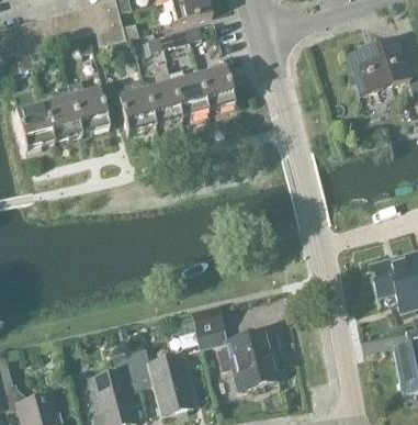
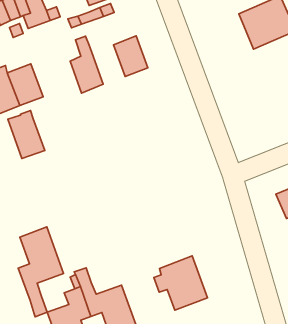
building: [169,69,207,119] -> none
building: [115,78,155,133] -> [8,110,45,158]
building: none -> [18,227,64,317]
building: [192,305,226,345] -> none

